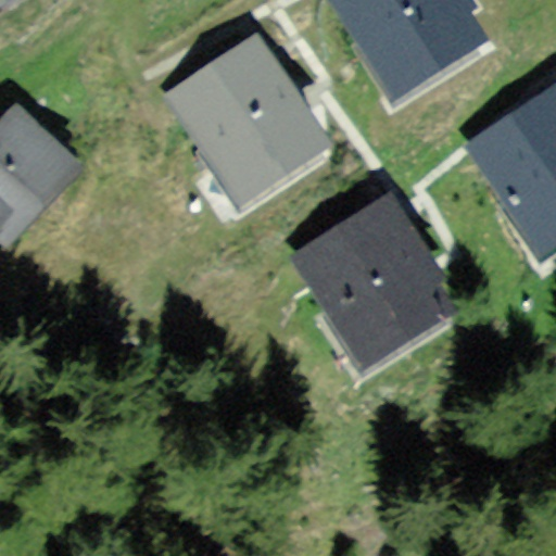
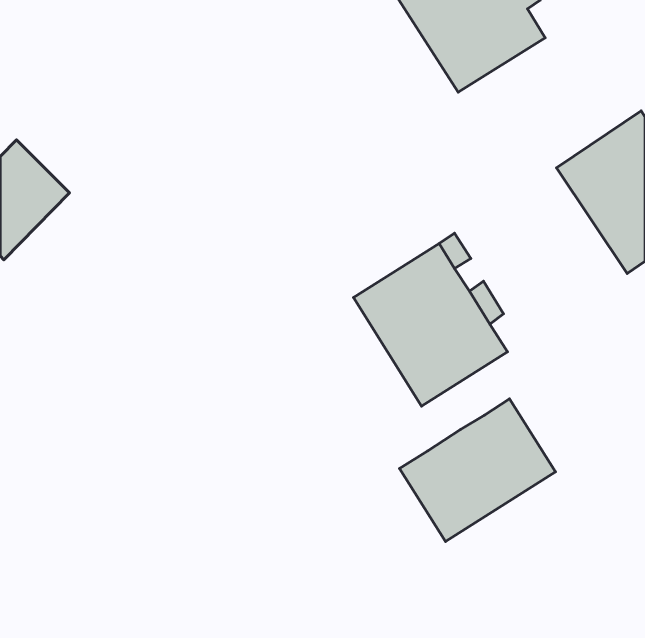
building: [178,45,312,185] -> none
building: none -> [399,399,556,542]

